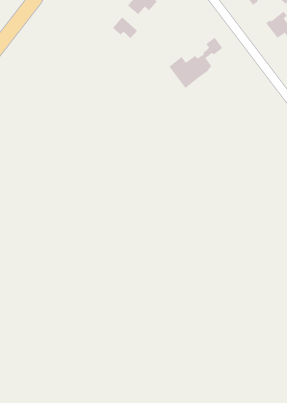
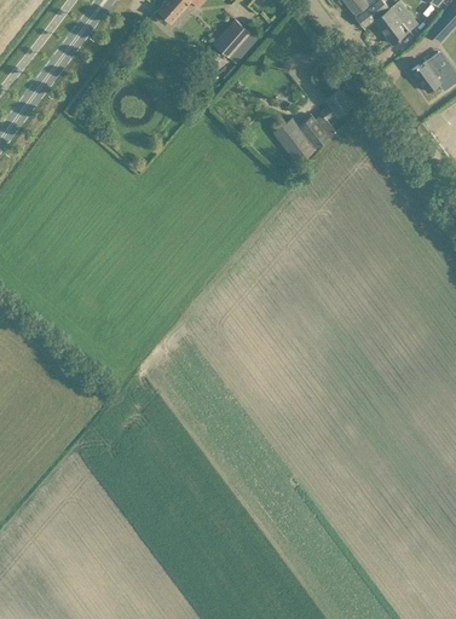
building: [112,17,138,39] -> none

